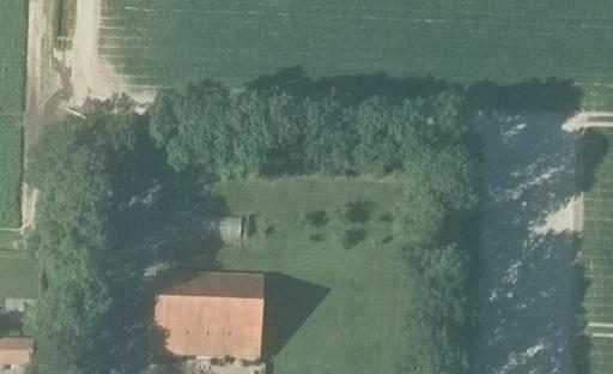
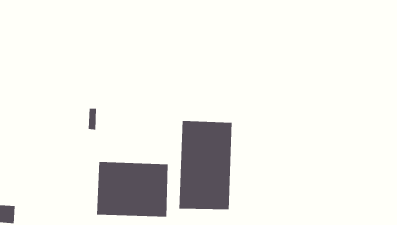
building: none -> [179,120,232,210]

